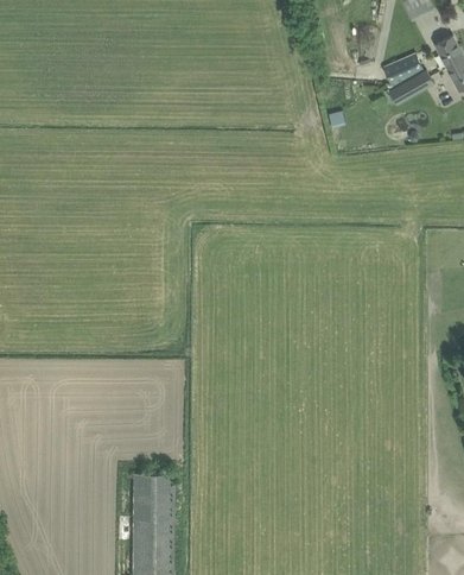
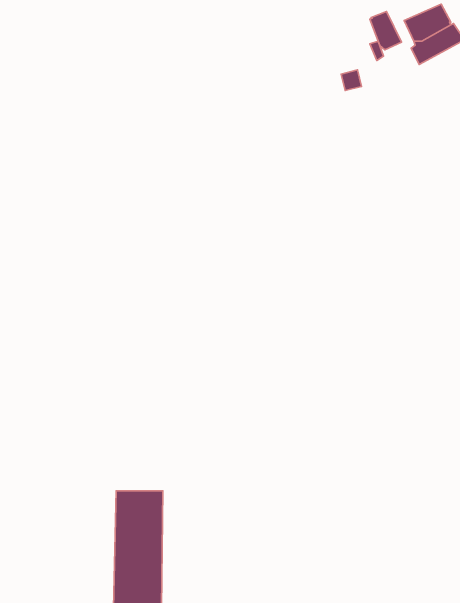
building: none -> [370,11,402,50]

